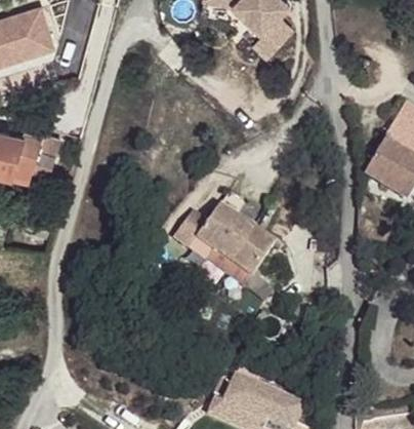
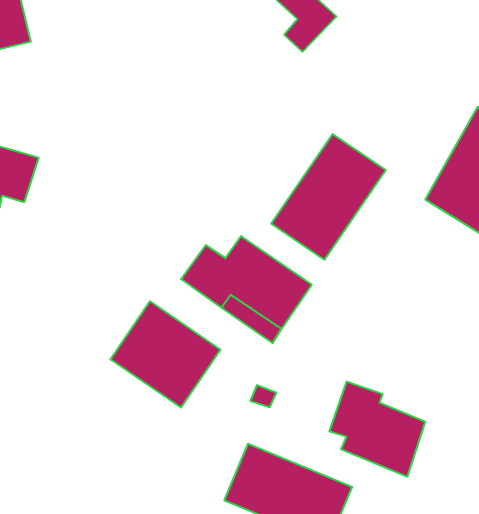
building: none -> [271,134,386,260]
building: none -> [110,301,220,408]
building: none -> [330,382,425,477]

